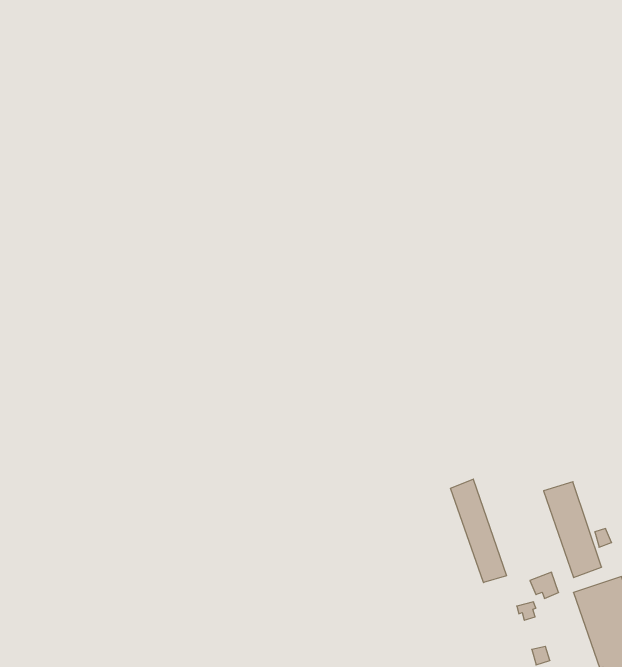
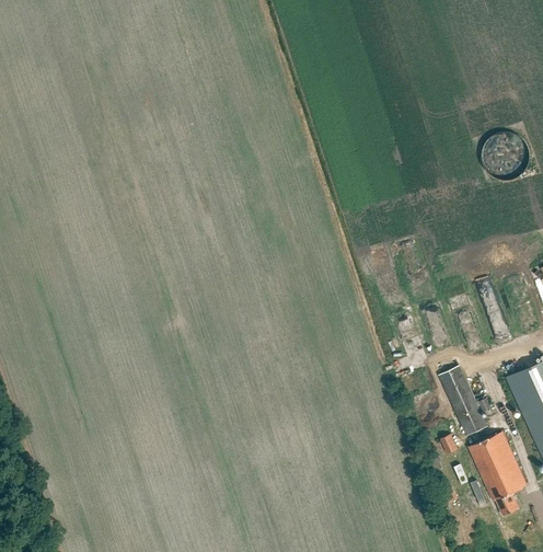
building: [451,479,507,583] -> none

